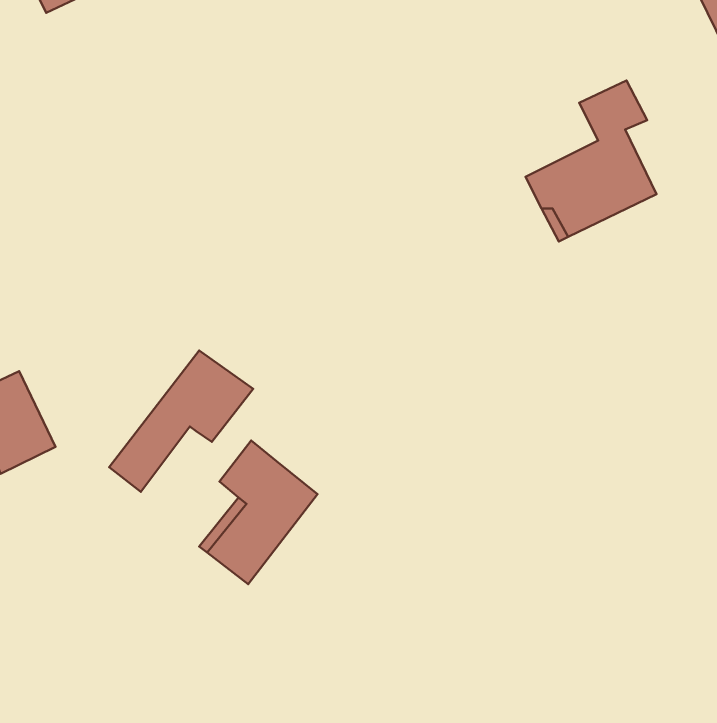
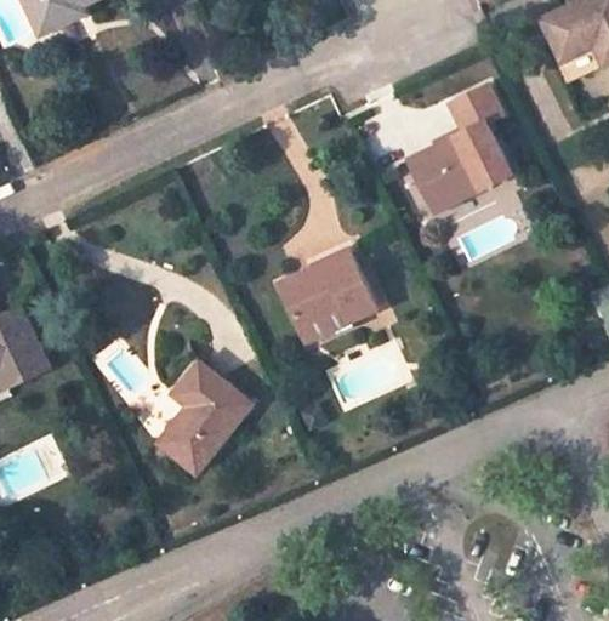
building: none -> [280,252,374,340]
building: [109,351,253,492] -> none

